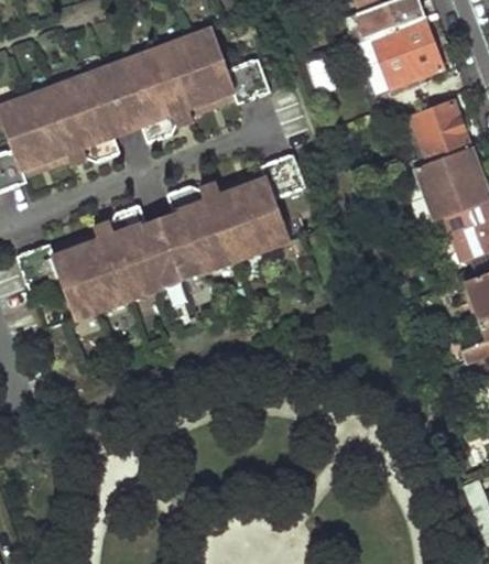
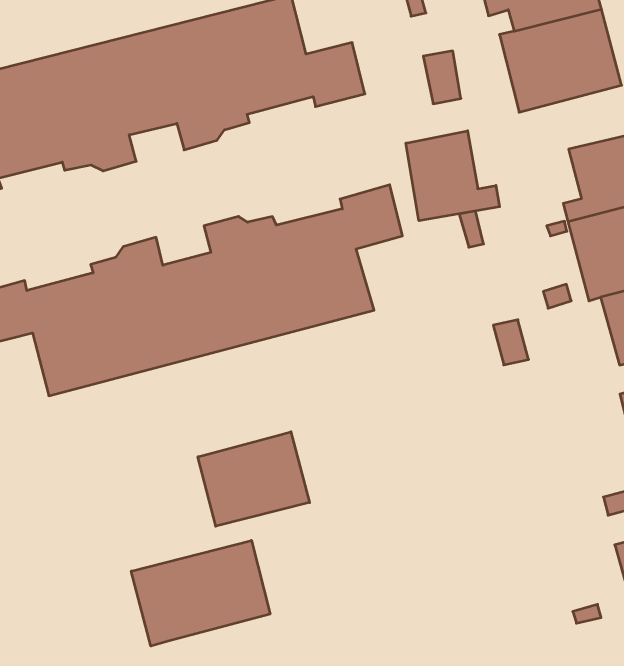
building: none -> [406,131,500,221]
building: none -> [198,432,310,526]
building: none -> [131,540,270,646]

